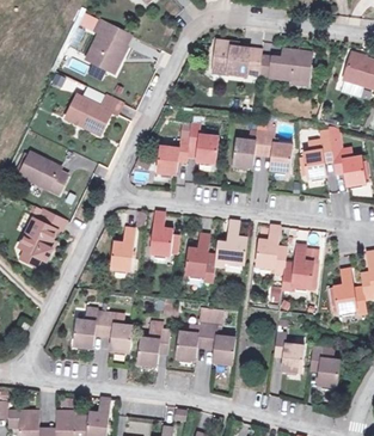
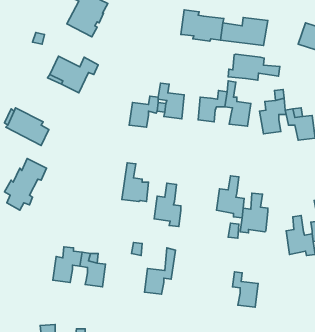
building: none -> [228,54,280,80]
building: [215,222,246,268] -> none
building: [110,229,135,271] -> none
building: [204,311,234,364] -> none
building: [136,321,168,364] -> none
building: [308,349,336,388] -> none

